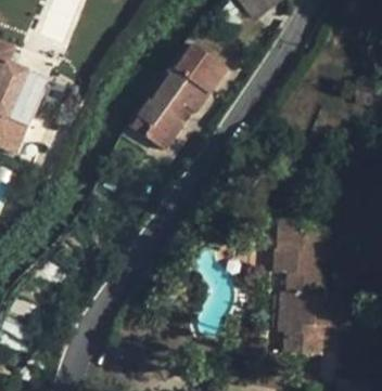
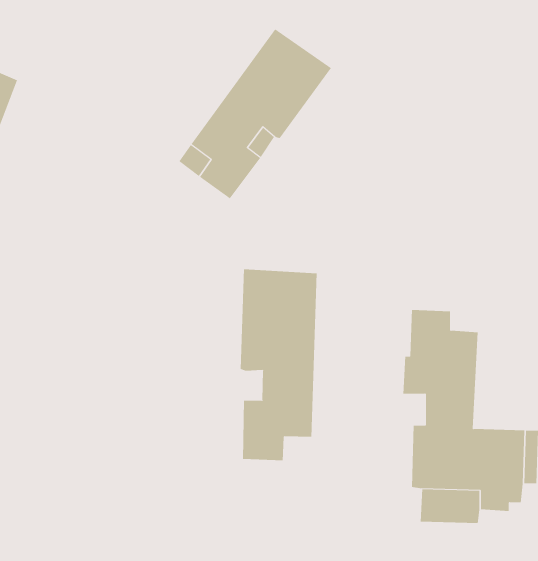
building: none -> [240,269,317,461]

